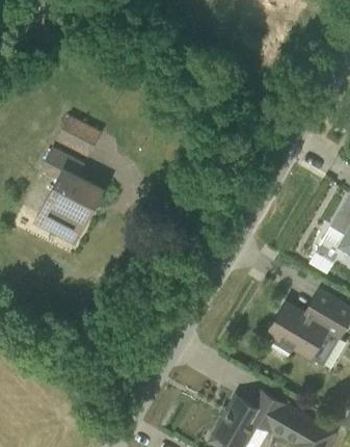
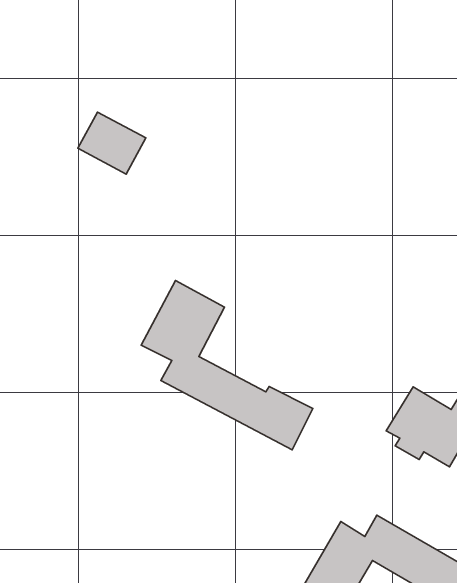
building: [37,148,104,241] -> none
building: none -> [141,280,313,450]

